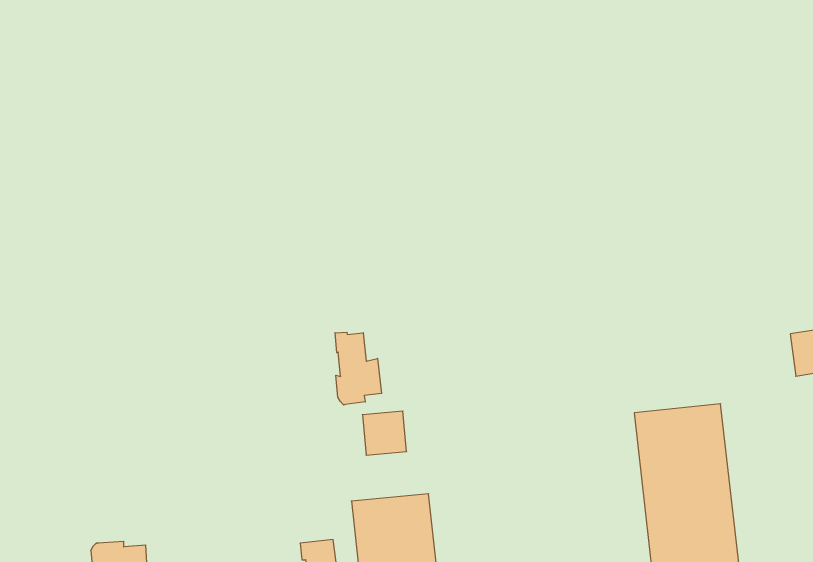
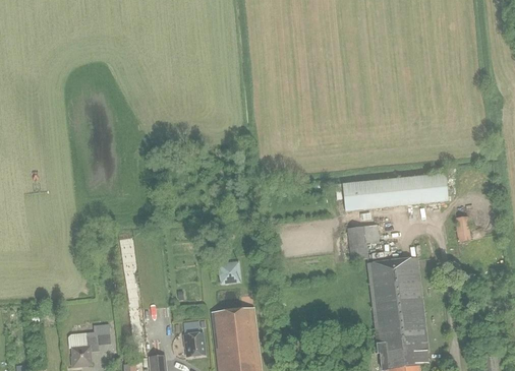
building: none -> [342,172,448,210]
building: [335,332,382,405] -> none
building: none -> [349,224,378,260]

